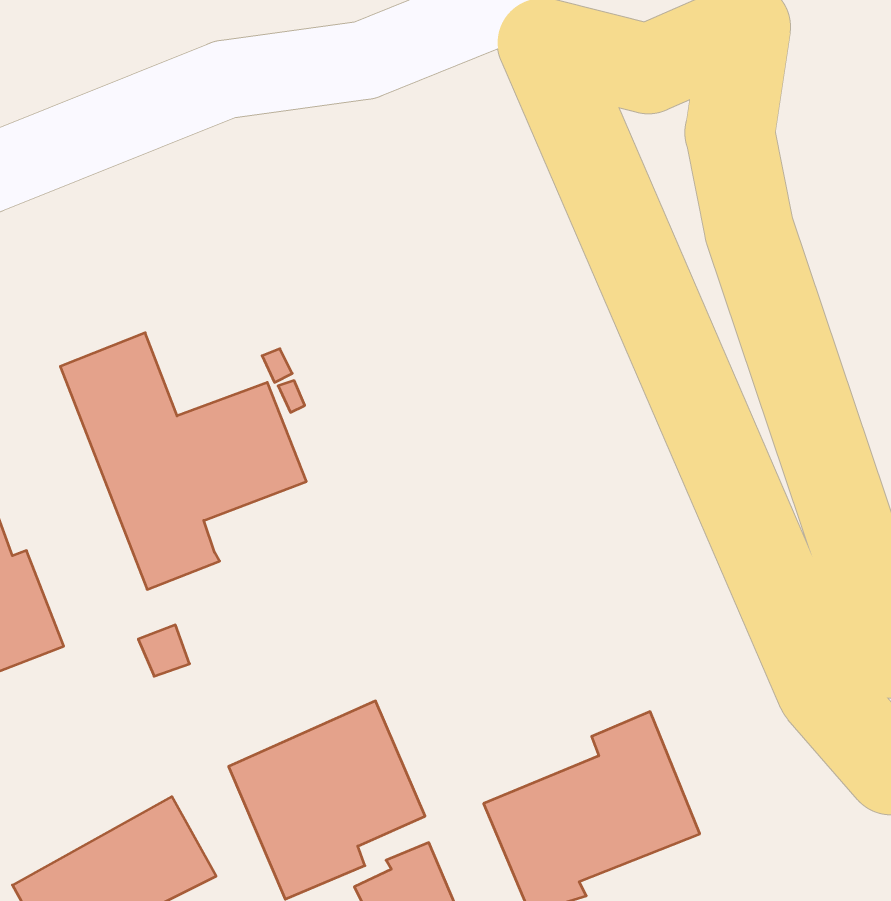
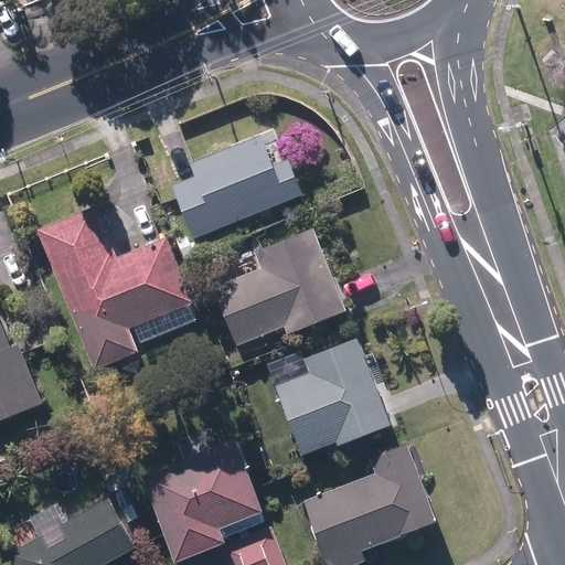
building: none -> [170,136,303,239]
building: none -> [213,231,347,343]
building: none -> [276,339,393,457]

